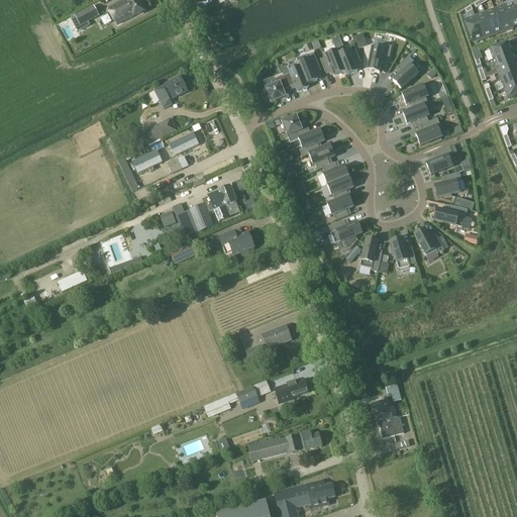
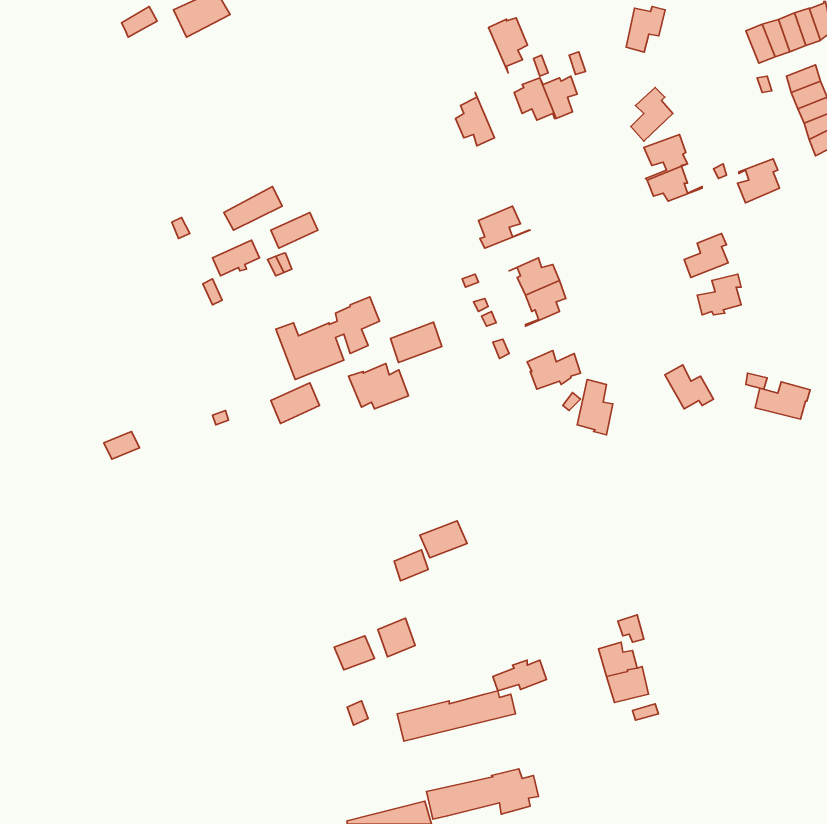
building: [369,42,393,71] -> [626,7,665,52]
building: [297,51,321,86] -> [489,18,528,73]
building: [261,74,290,101] -> none
building: [154,76,188,108] -> none
building: [283,114,320,140] -> none
building: [416,117,442,144] -> [737,159,780,203]
building: [303,143,336,169] -> none
building: [328,194,353,219] -> none
building: none -> [391,322,442,363]
building: [434,203,469,226] -> [755,382,810,419]
building: [391,236,417,268] -> none
building: [276,379,309,398] -> [493,660,546,691]

